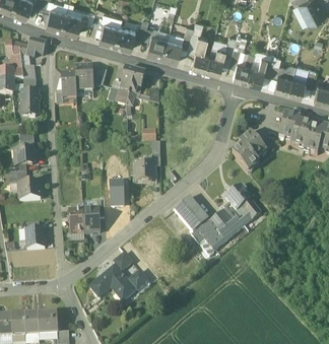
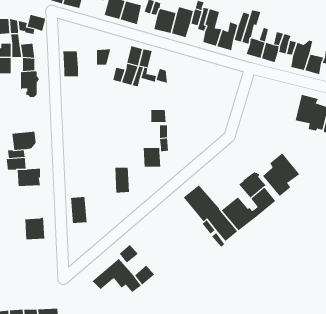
building: [75,65,93,89] -> none
building: [232,132,267,174] -> [262,152,300,197]
building: [82,208,100,233] -> none

